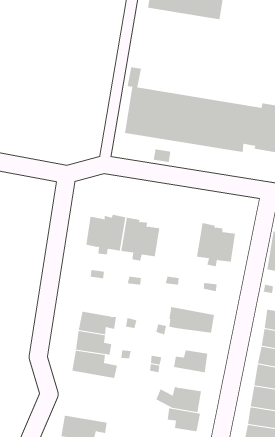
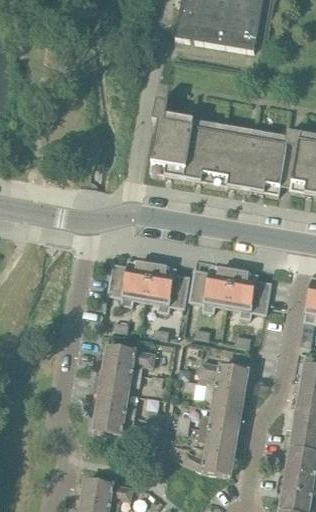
building: none -> [190,265,234,310]
building: none -> [104,343,154,370]
building: none -> [205,383,245,410]
building: [167,408,201,432] -> [201,425,238,451]

